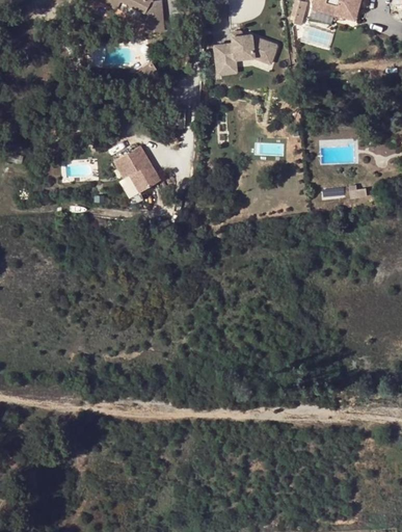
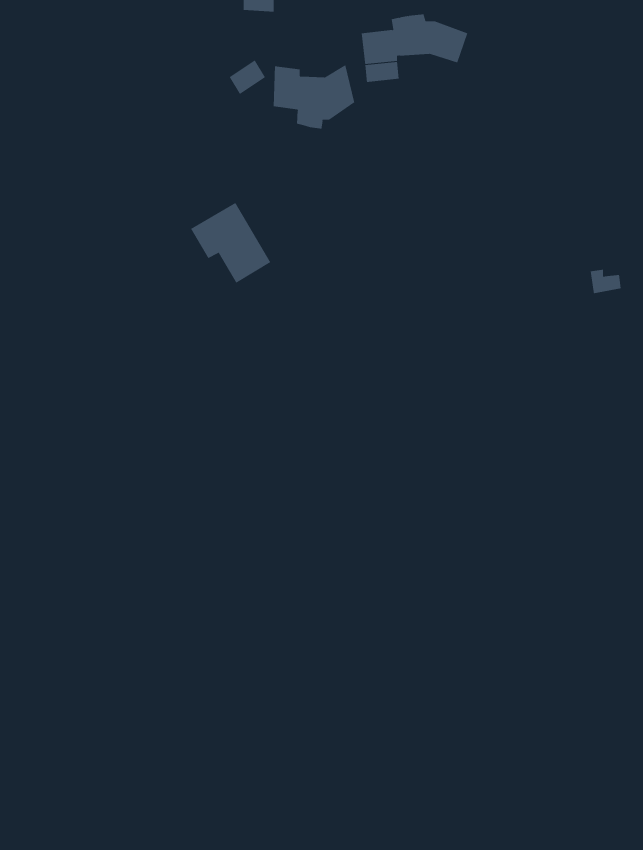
building: none -> [273,64,355,130]

